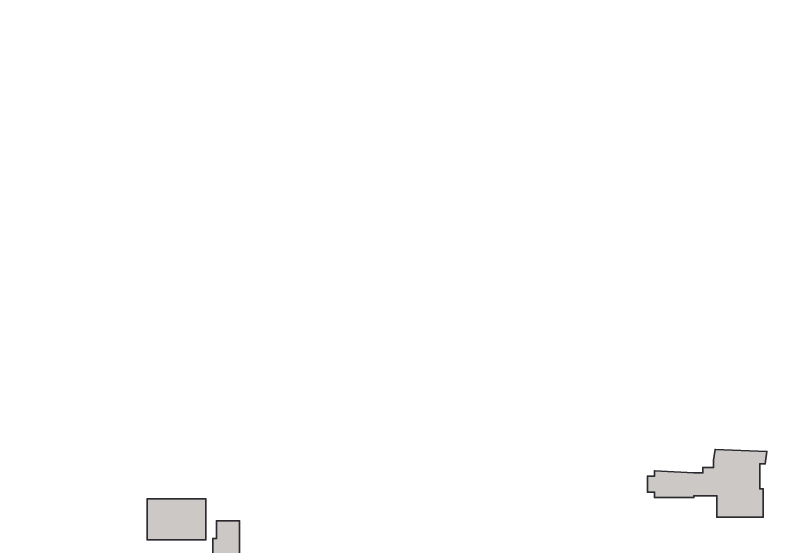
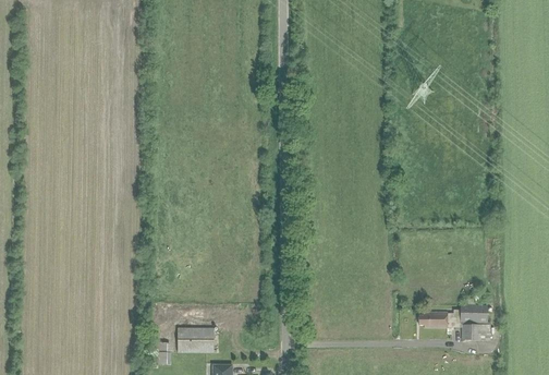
building: [147,499,206,540] -> [176,327,212,352]

